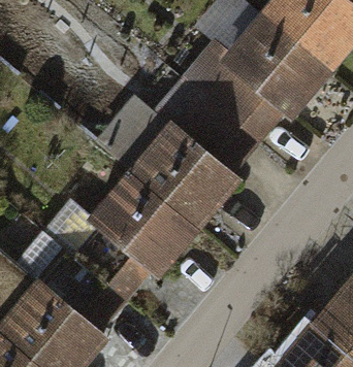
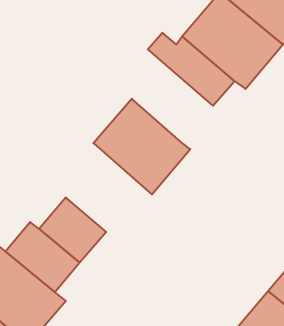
building: [163,74,257,171] -> none
building: [92,172,193,271] -> none

